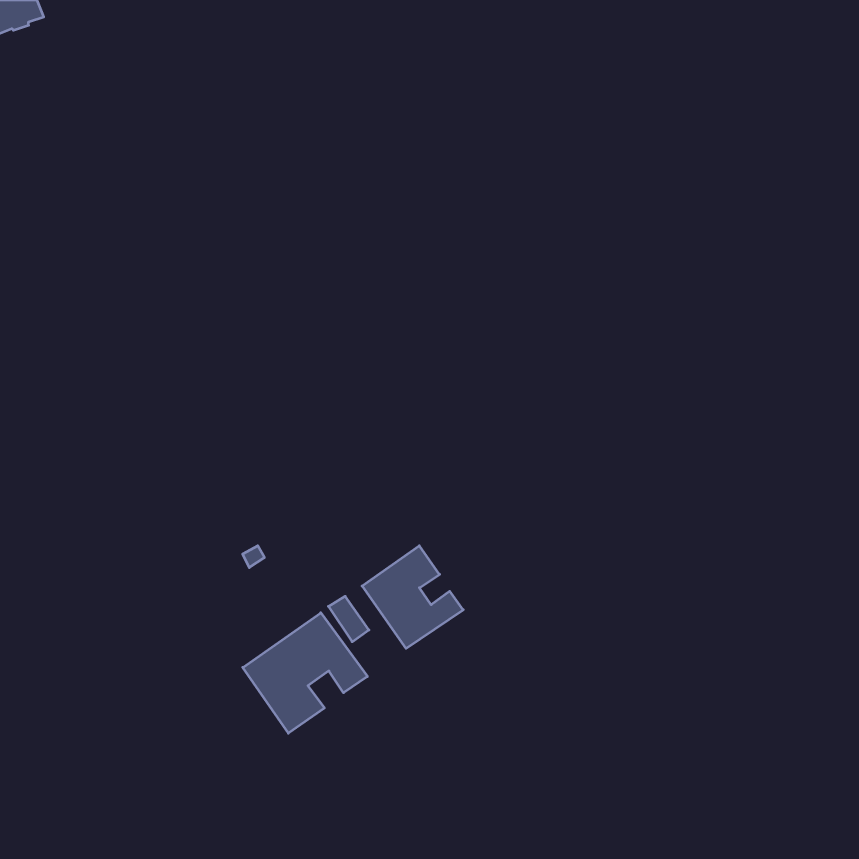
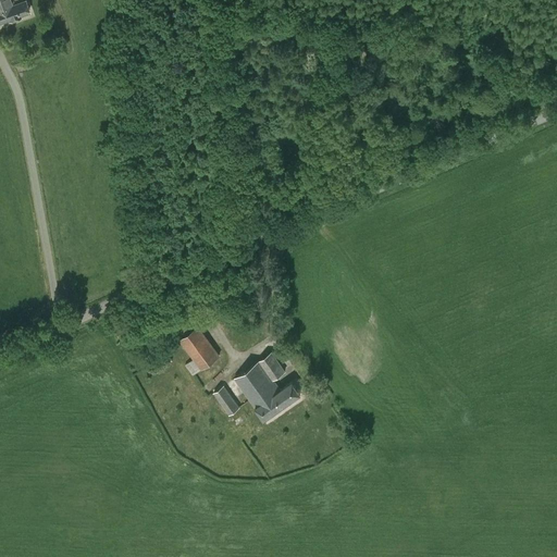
building: none -> [178,326,220,376]
building: [243,613,367,733] -> none

